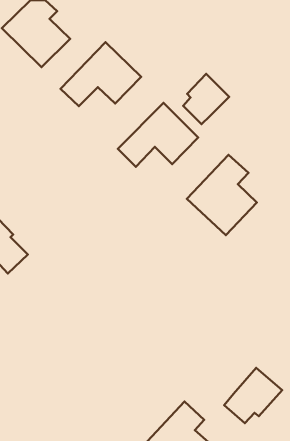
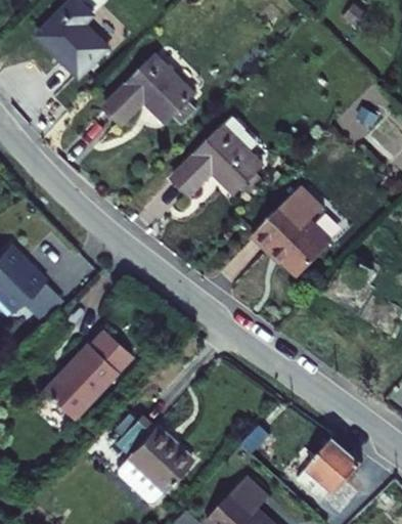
building: [183,74,229,124] -> none
building: none -> [39,326,132,420]
building: none -> [114,419,193,499]

